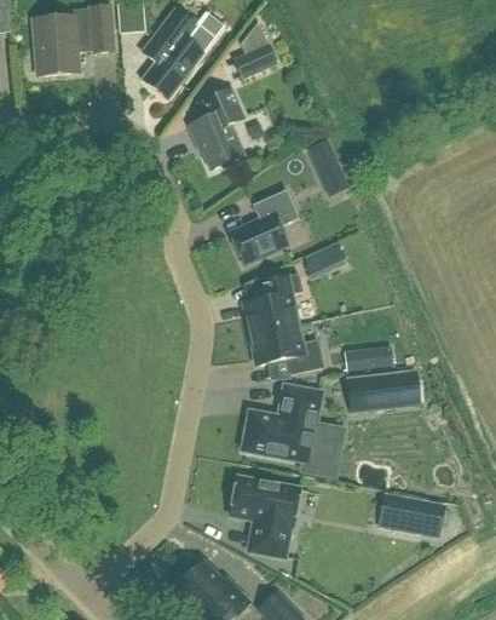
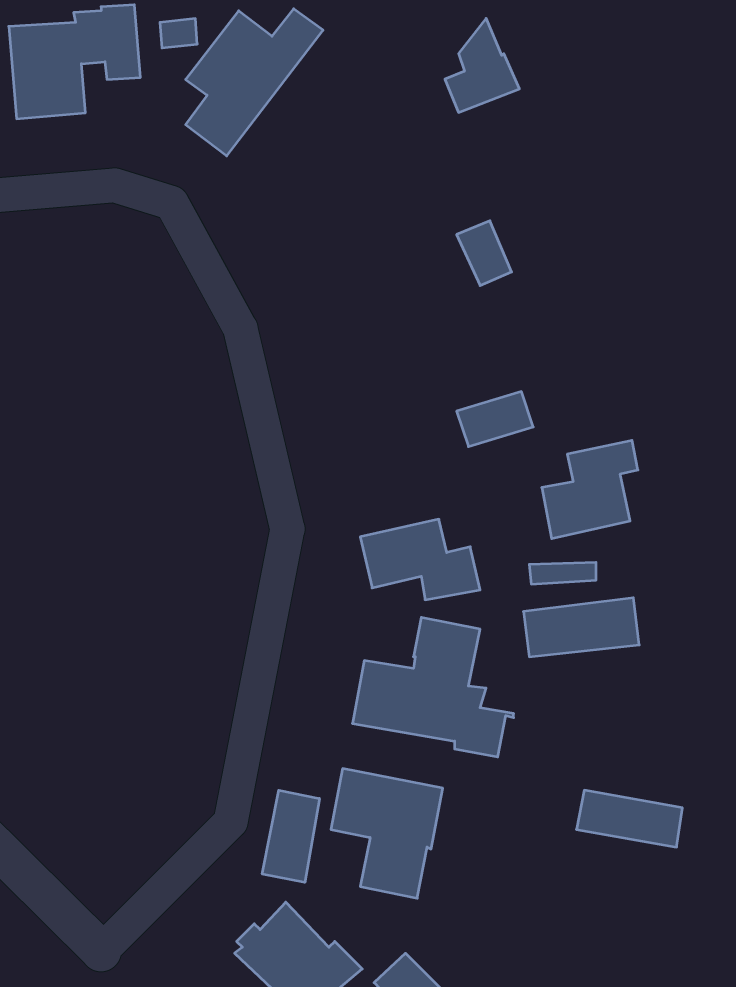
building: [232,19,278,78] -> [445,18,519,112]
building: [188,88,242,168] -> none
building: [230,188,299,262] -> none
building: [242,272,301,333] -> [542,440,638,539]
building: none -> [262,790,319,882]

